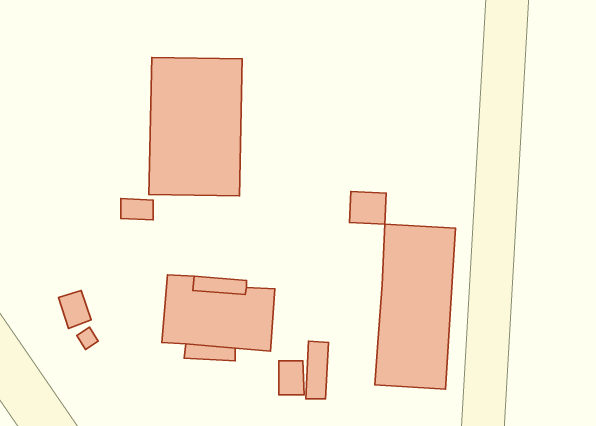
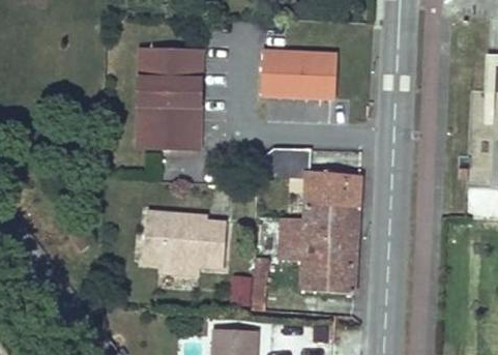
building: none -> [262,51,339,101]
building: none -> [280,214,307,259]

